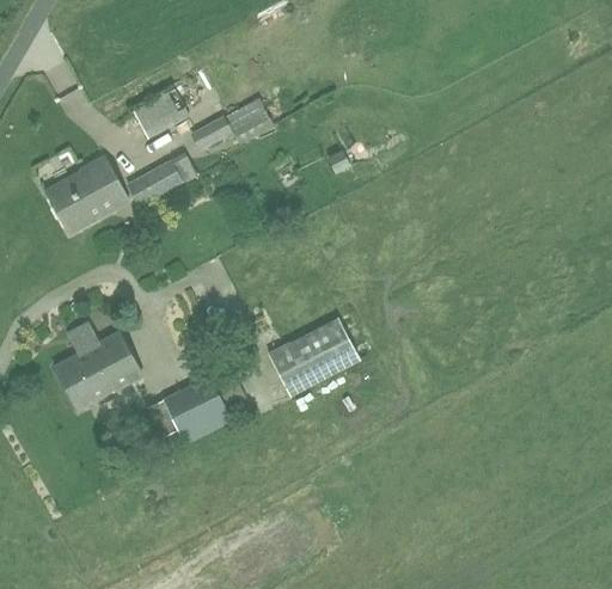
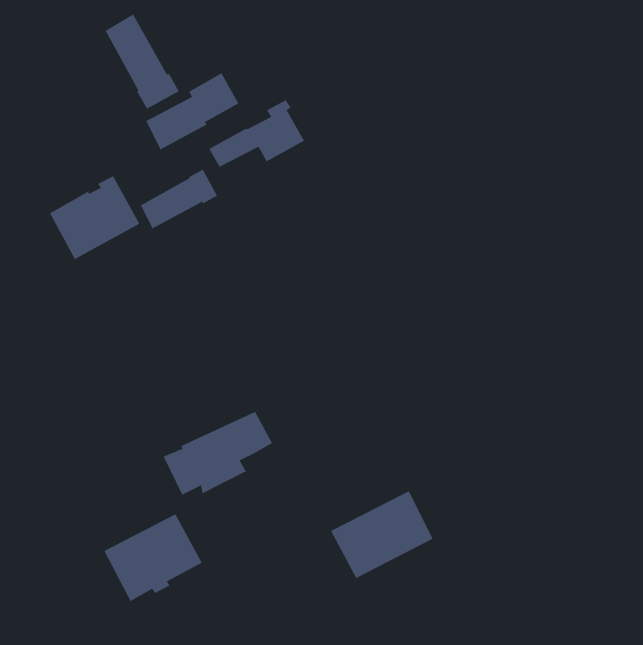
building: none -> [105,13,180,110]
building: [267,318,359,397] -> [330,491,433,579]
building: [54,332,142,411] -> [104,513,203,602]

